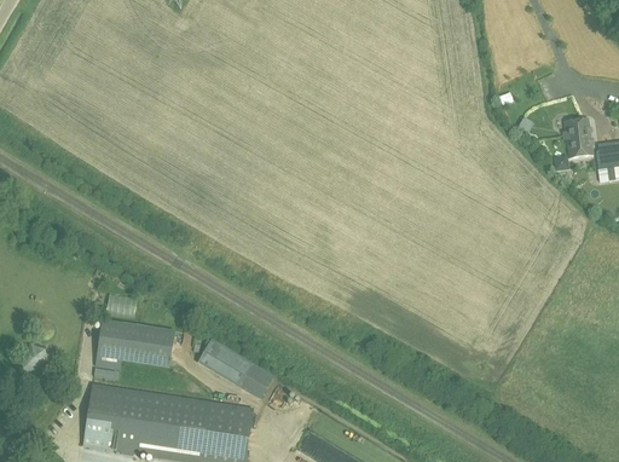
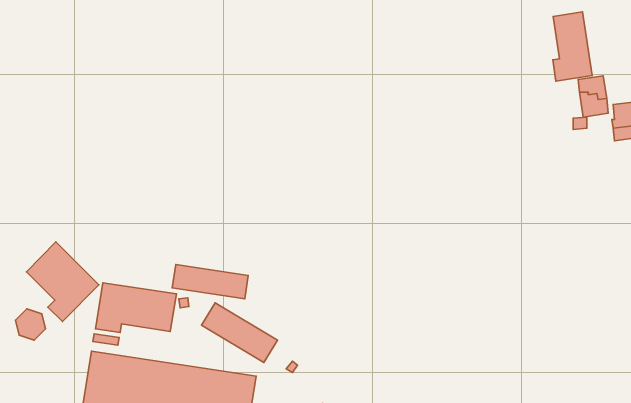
building: none -> [553,12,592,81]
building: none -> [26,242,99,322]
building: none -> [172,265,248,299]

